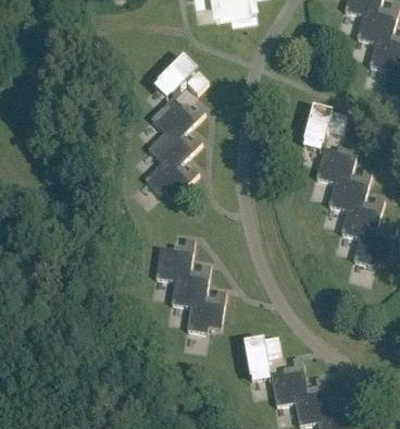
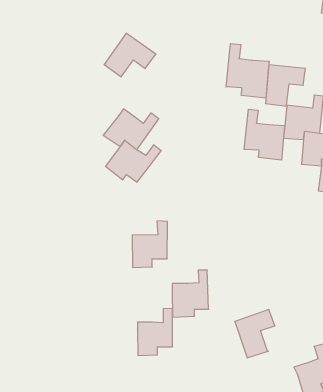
building: none -> [226,44,269,98]
building: [150,97,204,137] -> none
building: none -> [244,109,284,160]
building: [171,263,210,306] -> [137,309,173,356]
building: [270,357,307,405] -> none

